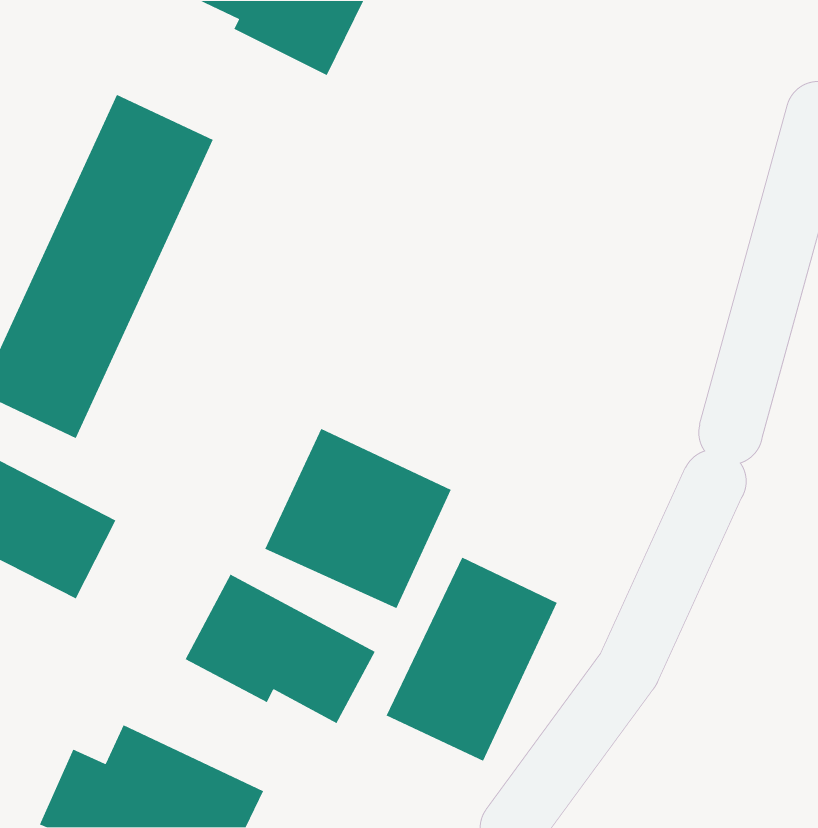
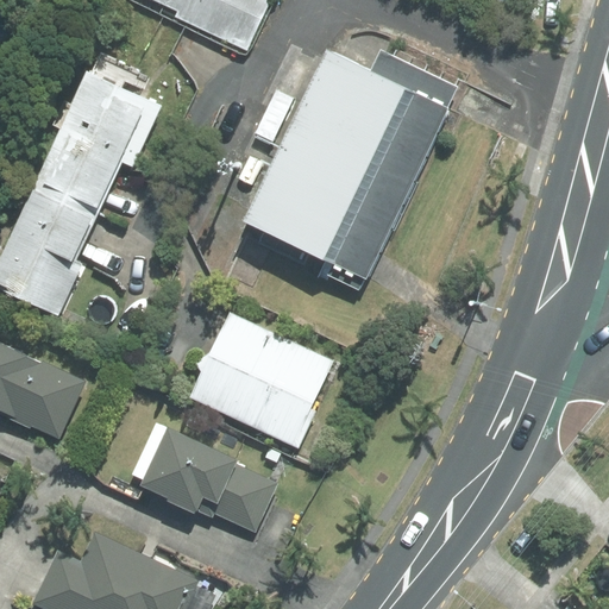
building: none -> [244,51,459,285]
building: [386,556,558,762] -> none

